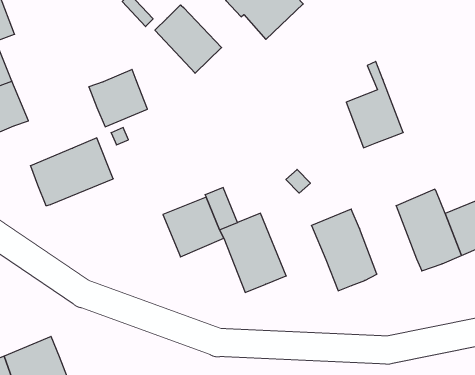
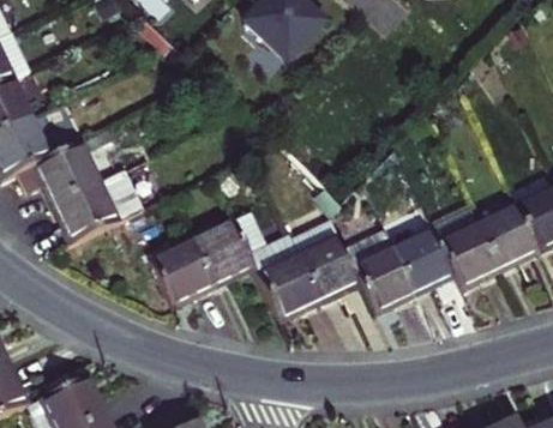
building: [155,5,222,73] -> none
building: [346,61,403,148] -> [393,201,453,290]
building: [89,69,147,127] -> [35,140,96,200]
building: none -> [291,215,361,297]
building: none -> [152,242,212,302]

